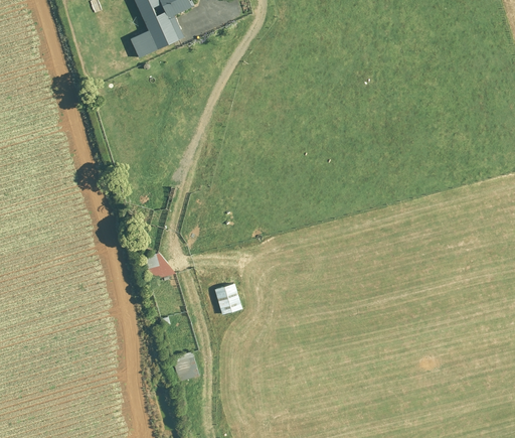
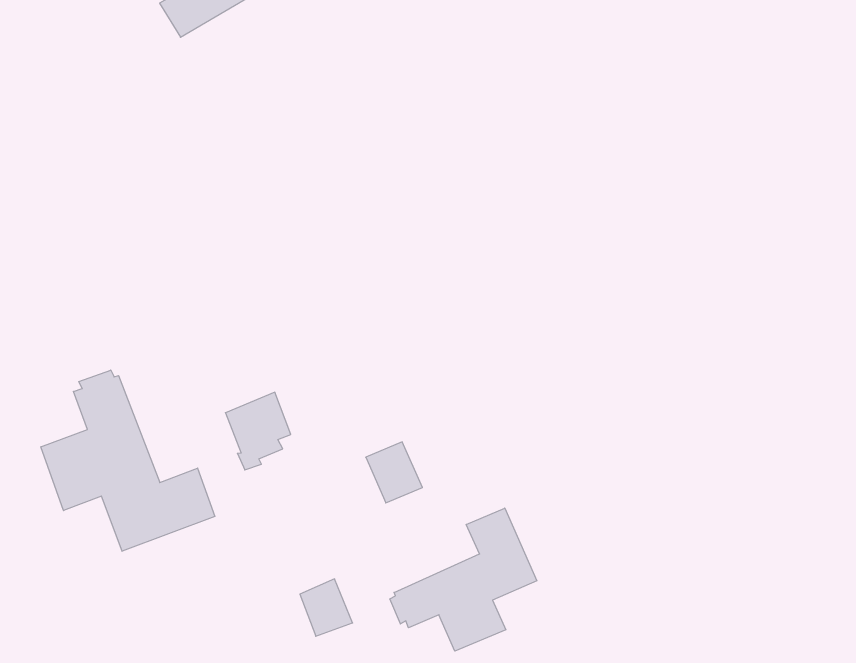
building: none -> [41,370,215,551]
building: none -> [390,508,537,651]

